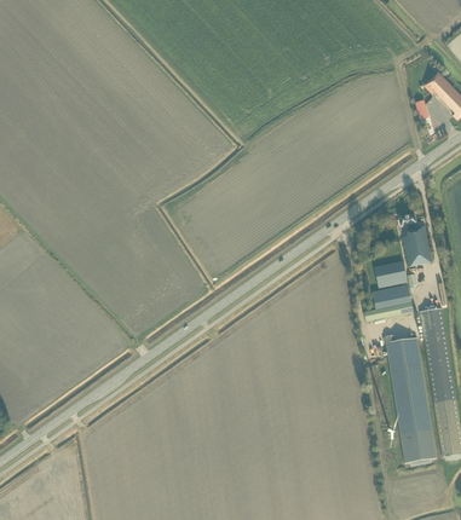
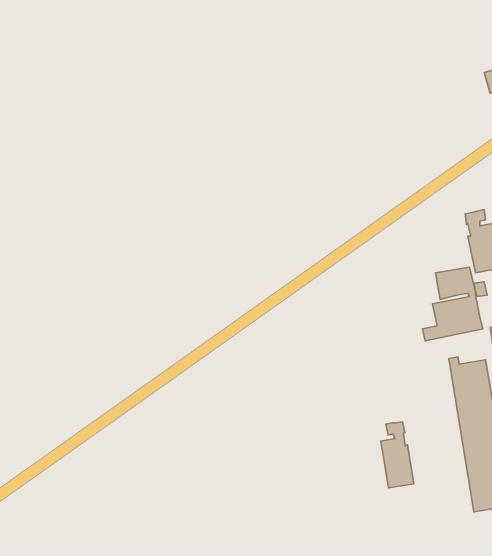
building: none -> [381,422,414,488]

